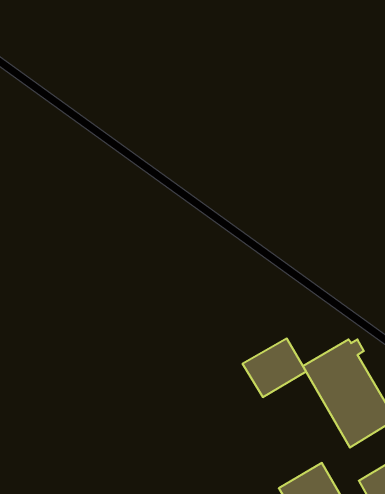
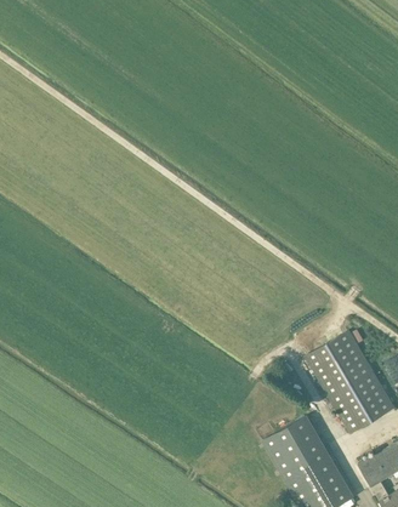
building: [242,339,306,397] -> [265,416,325,472]

